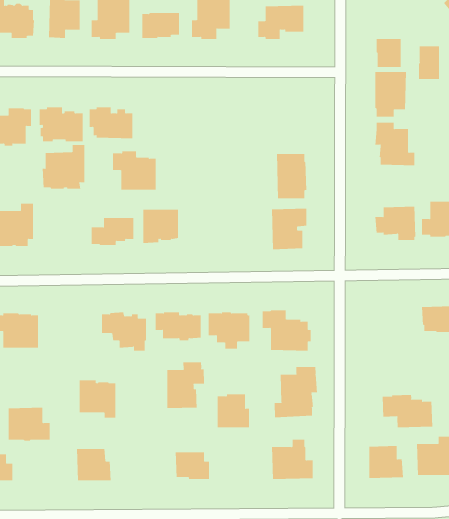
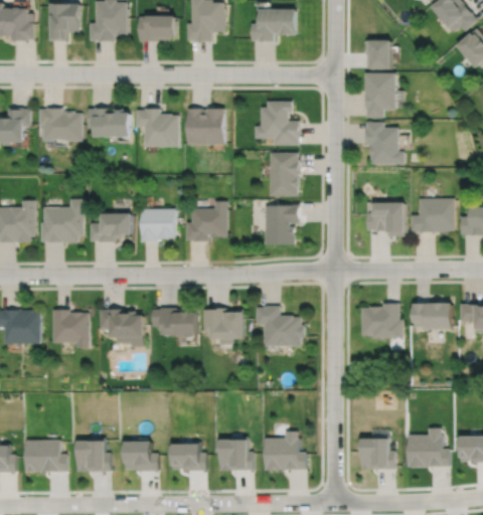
building: [418,45,439,80] -> none
building: none -> [255,102,300,146]
building: none -> [187,109,224,145]
building: [42,144,85,189] -> [40,200,83,243]
building: [112,151,157,190] -> [136,109,179,147]
building: none -> [185,199,227,239]
building: none -> [359,302,401,336]
building: [167,361,204,409] -> none
building: [274,366,318,418] -> none
building: [79,380,116,418] -> [52,309,89,346]
building: [217,394,250,428] -> [220,437,253,470]
building: [382,394,433,428] -> none
building: [8,407,50,441] -> [24,439,65,472]
building: none -> [124,440,157,471]

